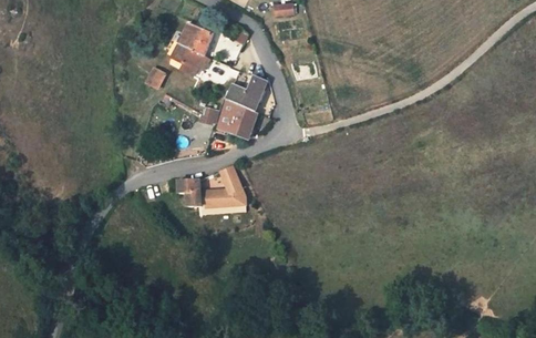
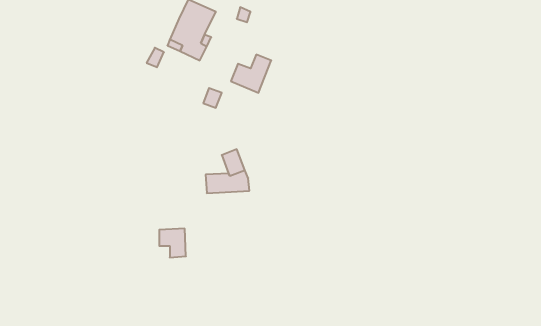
building: [217,100,257,139] -> none
building: [176,178,202,206] -> [159,229,186,257]

